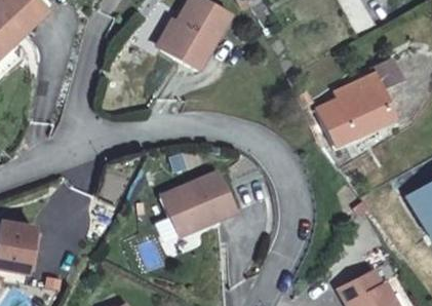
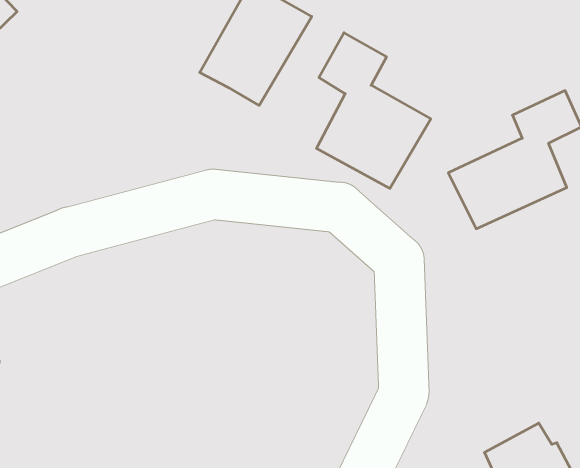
building: none -> [317,33,431,188]
building: [160,170,236,235] -> none

